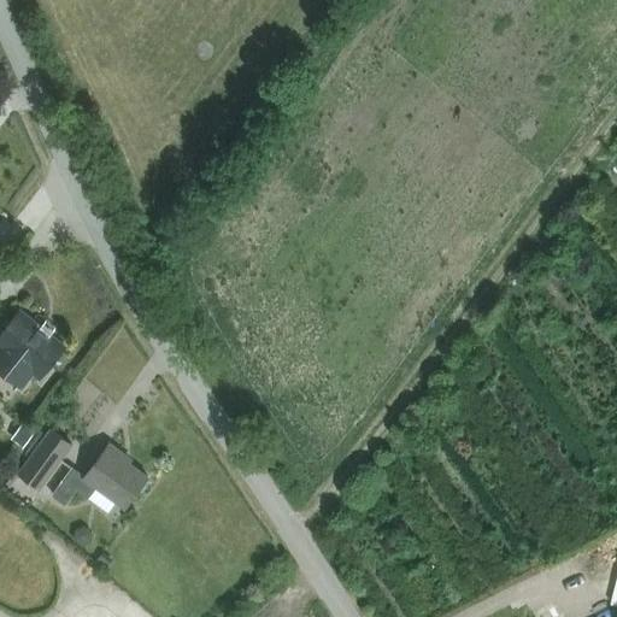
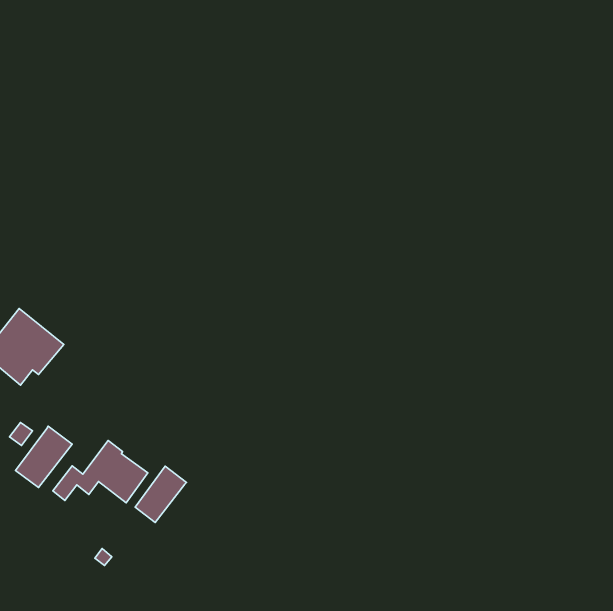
building: none -> [135,466,187,523]

